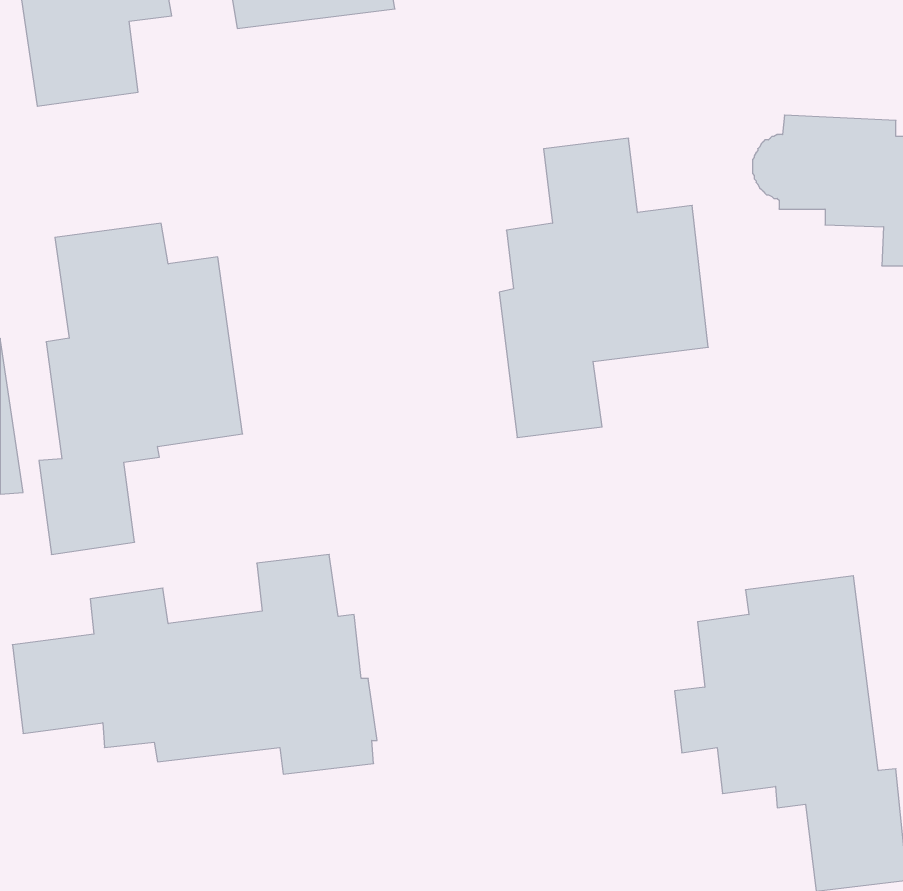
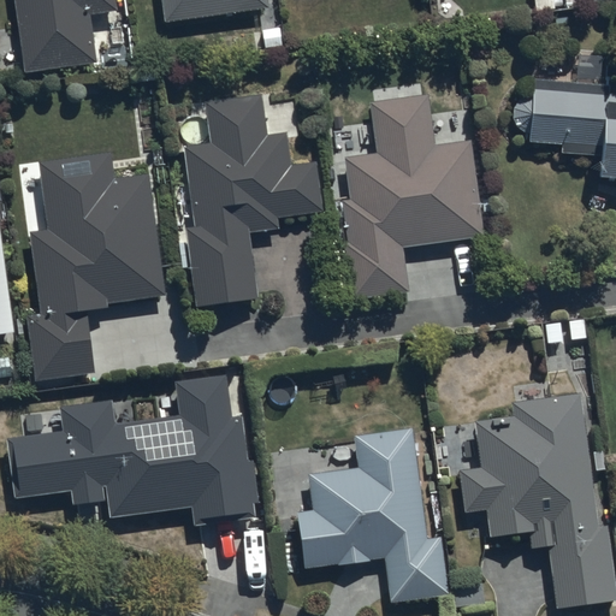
building: none -> [185,93,322,310]
building: none -> [296,426,450,600]

